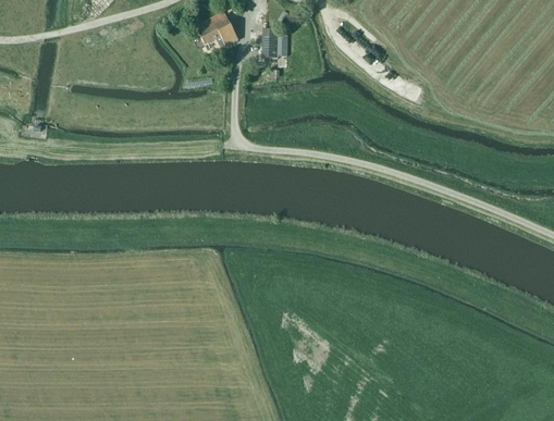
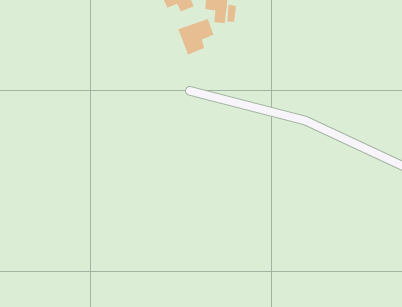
building: none -> [177,18,214,55]

